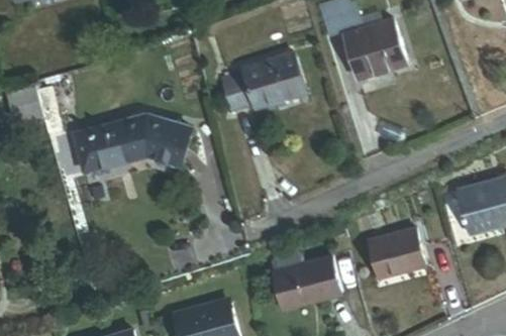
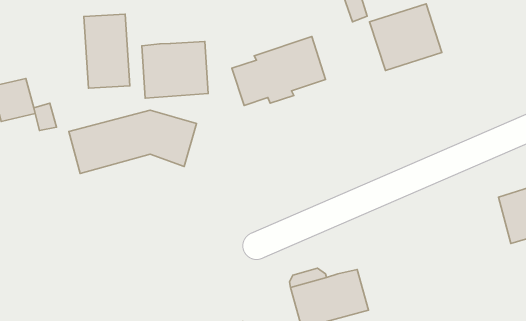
building: none -> [84,14,130,88]
building: none -> [142,41,208,98]
building: [367,228,426,279] -> none

